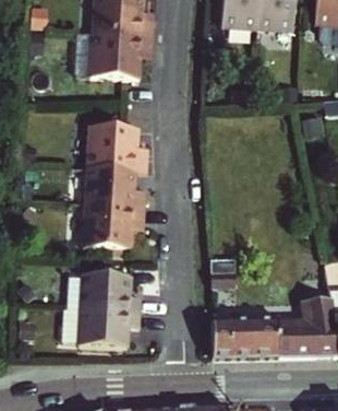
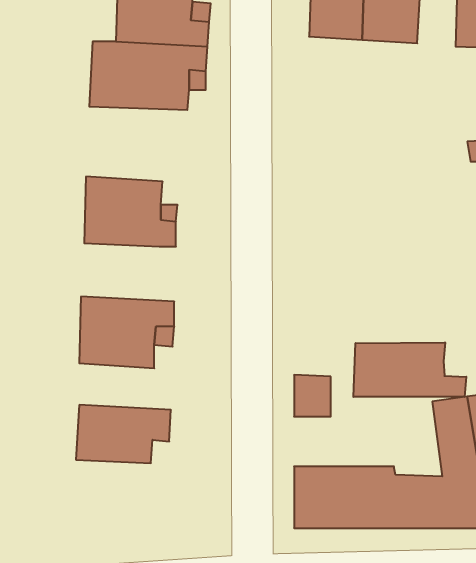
building: [74,165,136,203] -> none
building: none -> [353,342,466,397]
building: [69,307,130,349] -> none

